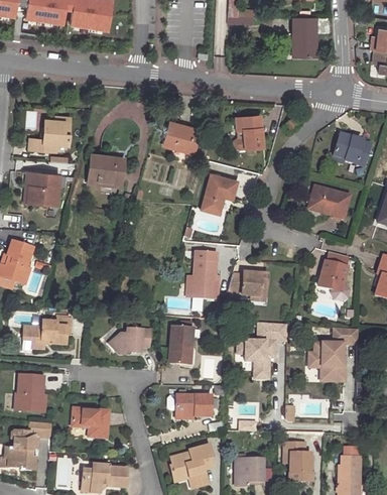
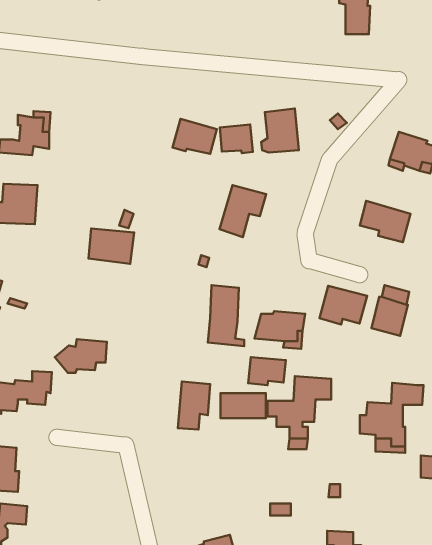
building: none -> [220,124,253,153]
building: [89,154,124,181] -> [89,229,134,264]
building: none -> [320,286,367,325]
building: none -> [248,357,286,385]
building: [109,328,149,354] -> [55,339,107,373]
building: [175,395,211,414] -> [220,393,266,418]
building: [72,408,108,437] -> none

